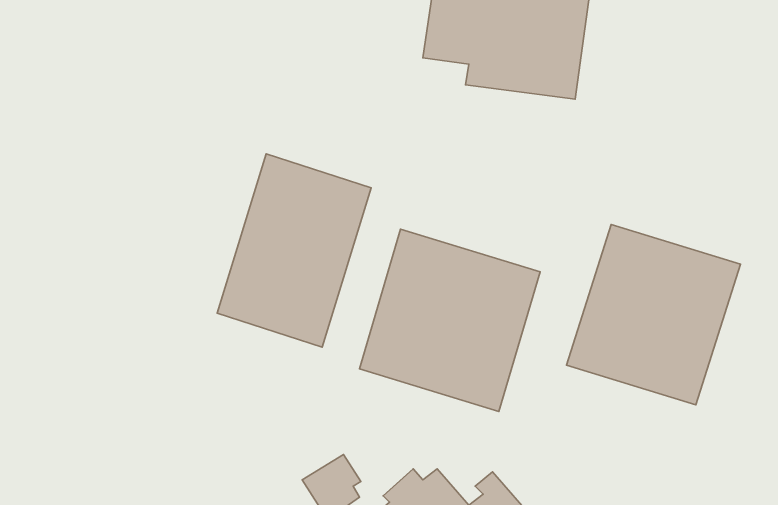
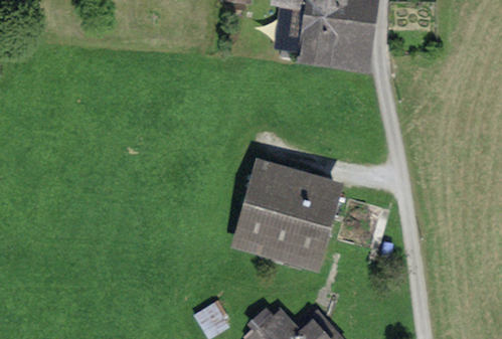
building: [217,154,371,347] -> none
building: [567,224,740,405] -> none

